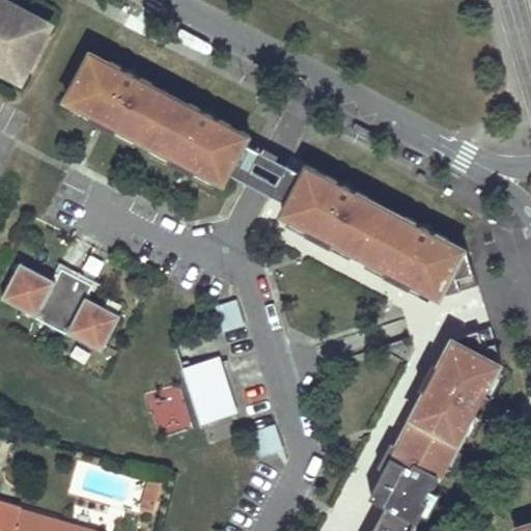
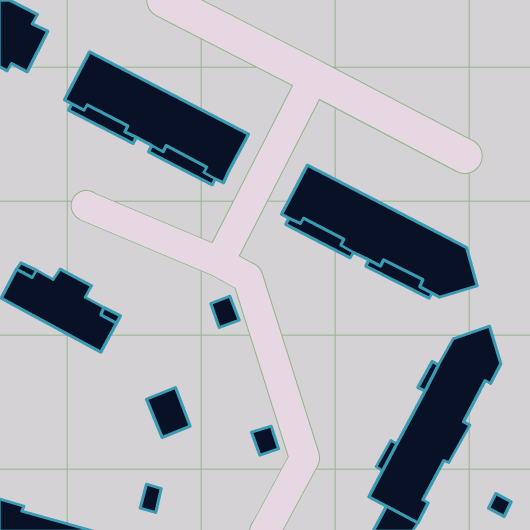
building: [228,143,303,203] -> none
building: [183,361,231,420] -> none

